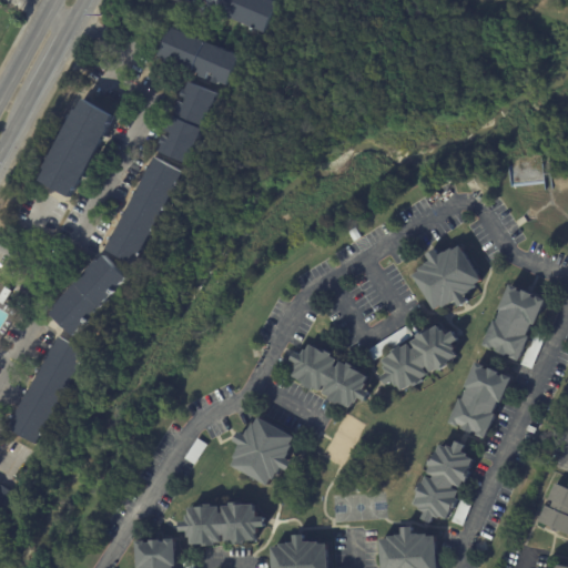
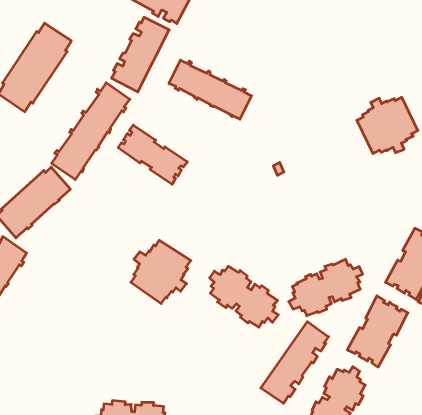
building: none -> [169,60,252,119]
building: none -> [118,125,187,184]
building: [410,244,478,308] -> [357,97,418,154]
building: none -> [261,322,329,403]
building: [230,416,293,485] -> [131,240,191,304]

